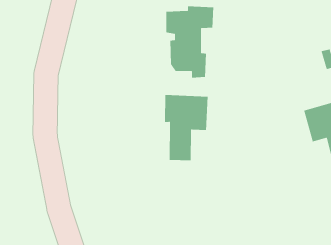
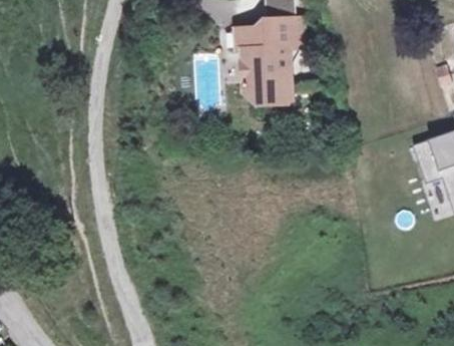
building: [164,94,208,161] -> none

